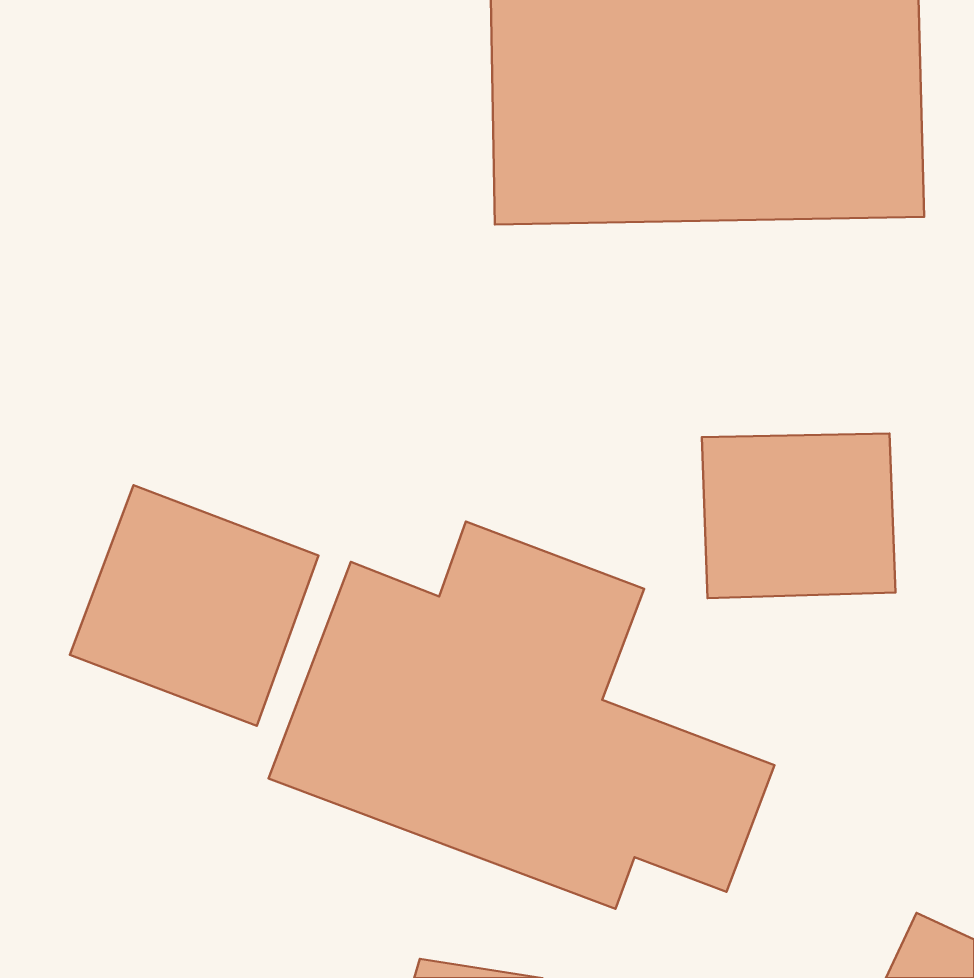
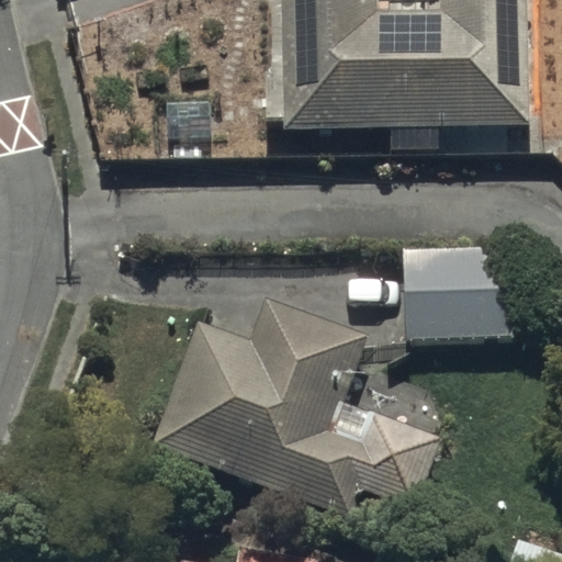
building: [70,485,318,726] -> none

